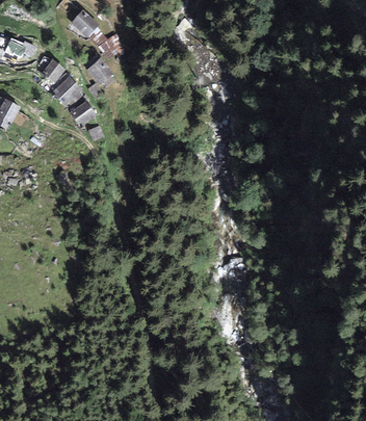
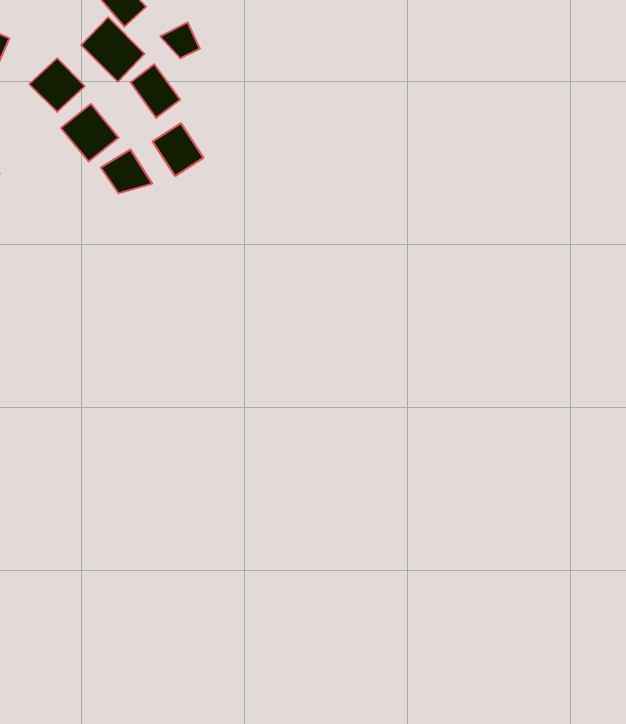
building: none -> [81,17,145,82]
building: none -> [153,123,203,176]

